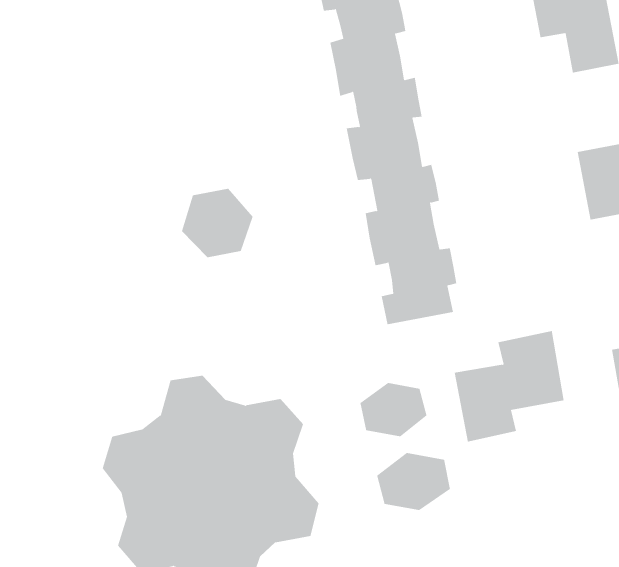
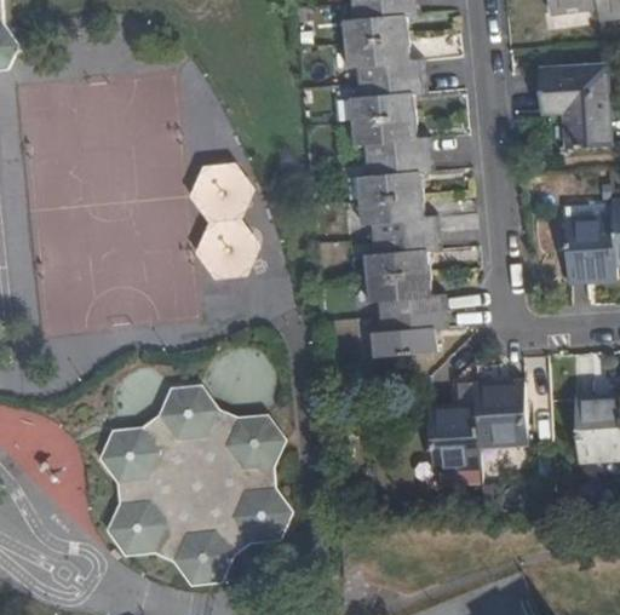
building: none -> [193,162,258,220]
building: [360,382,427,437] -> none
building: [376,452,451,511] -> none

